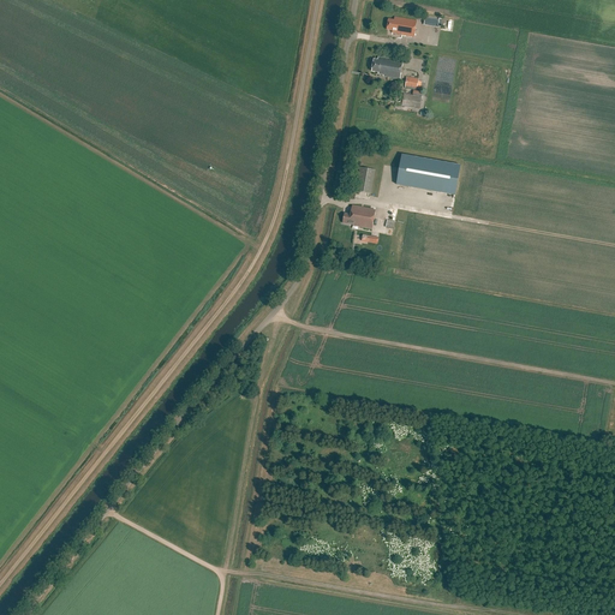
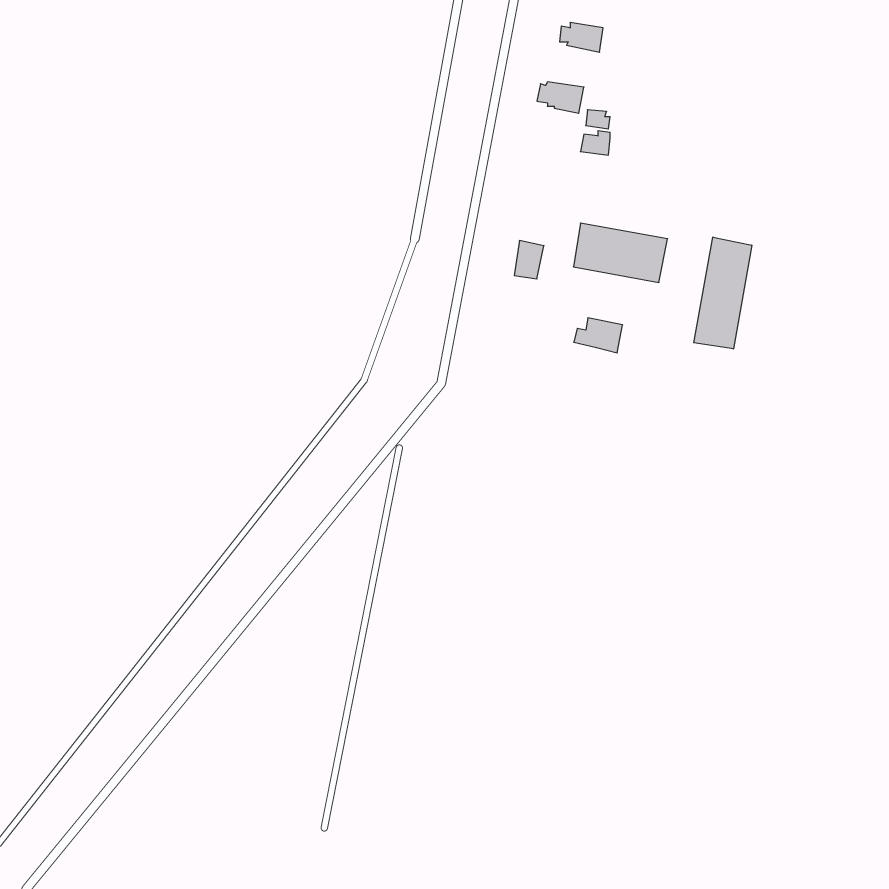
building: none -> [694,237,752,349]
building: [341,204,375,228] -> [574,318,623,353]

